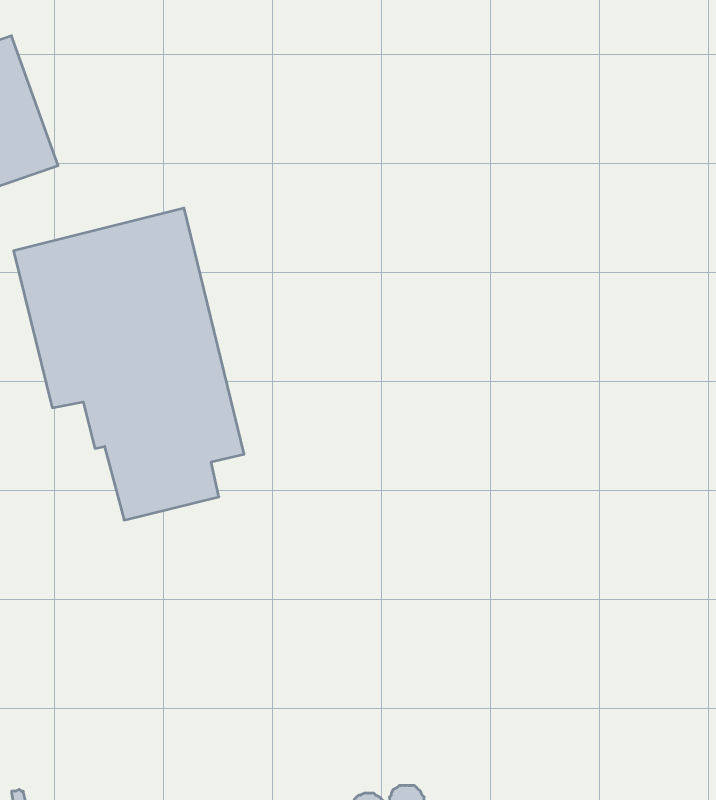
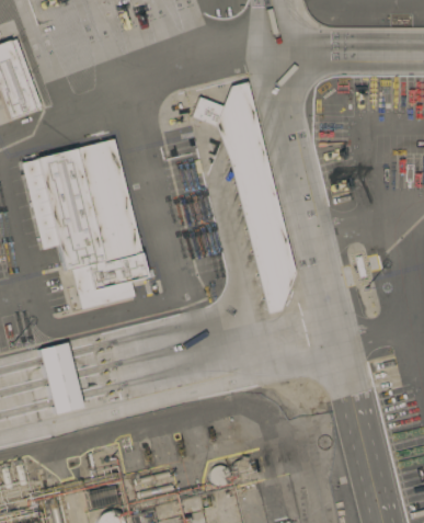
building: none -> [192,86,293,314]
building: none -> [41,343,82,416]

